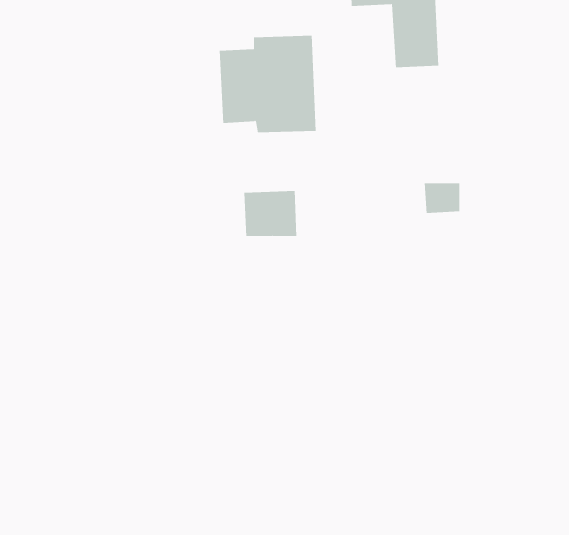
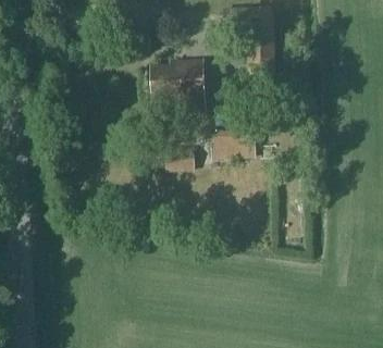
building: none -> [209,126,256,159]

